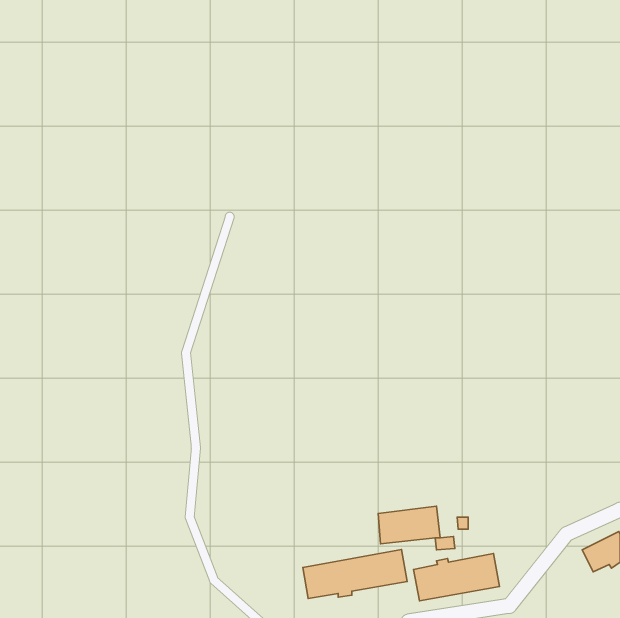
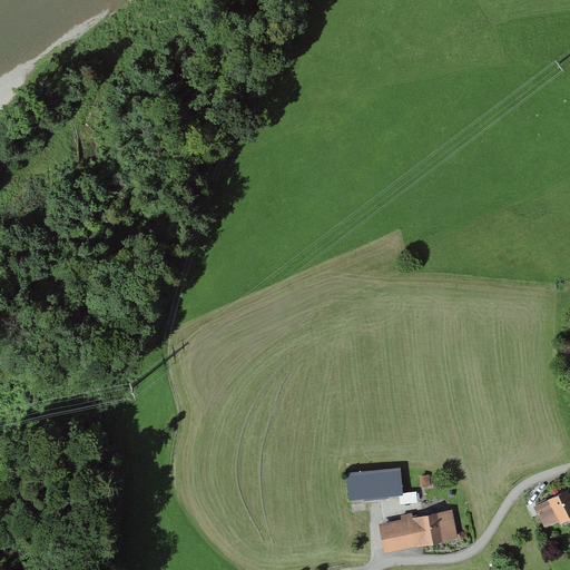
building: [303,550,407,598] -> none

